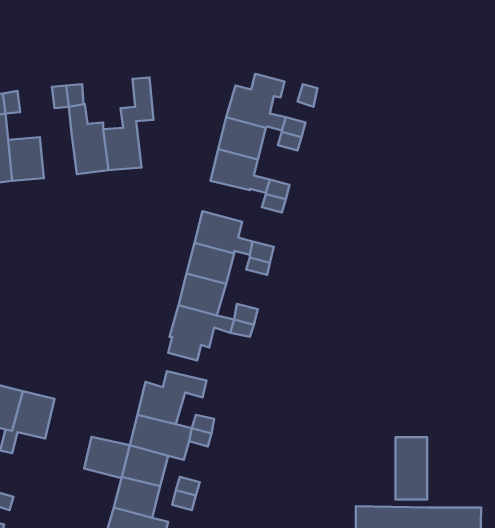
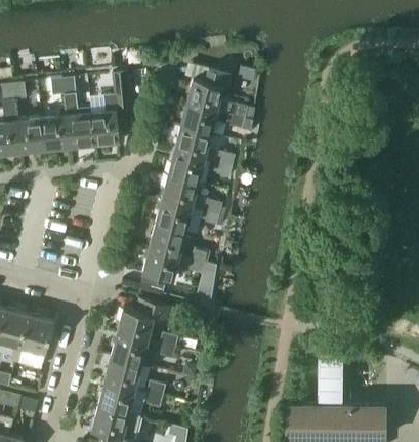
building: none -> [41,115,70,150]
building: none -> [167,152,204,184]
building: [84,437,130,478] -> none

